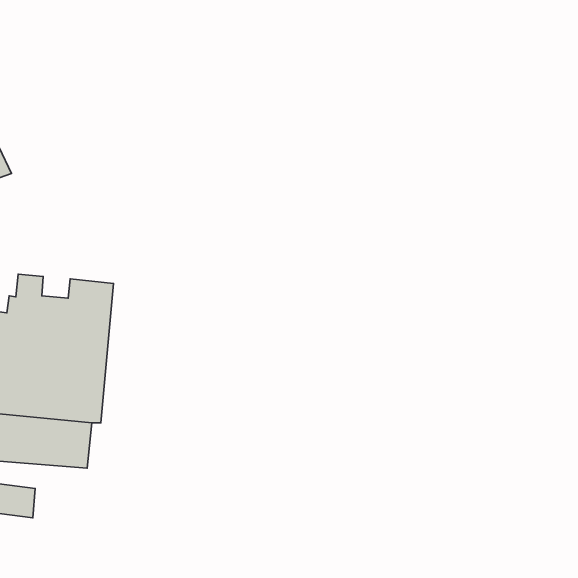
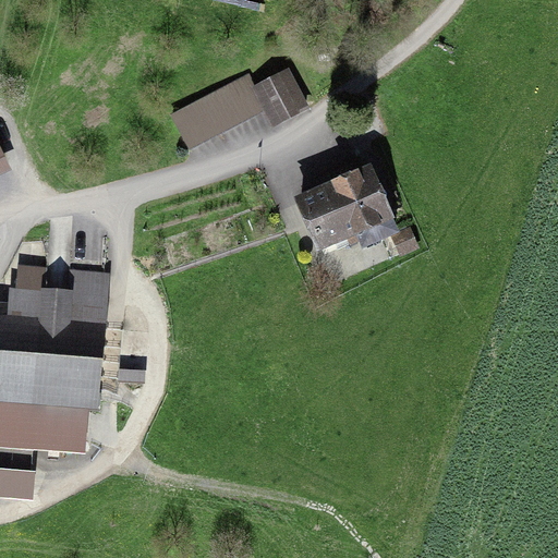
building: none -> [168,74,308,156]
building: none -> [292,160,399,248]

